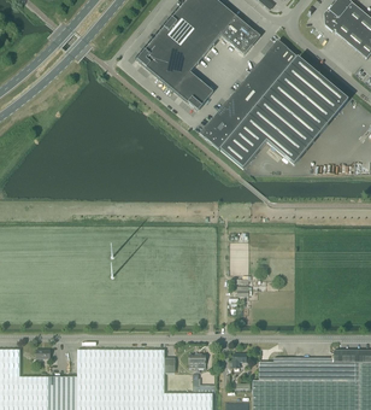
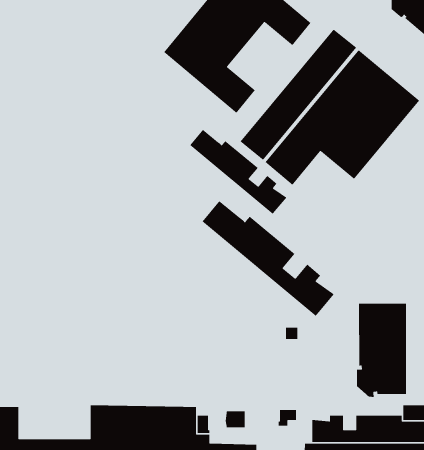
building: none -> [189,129,287,215]
building: none -> [201,200,335,317]
building: none -> [356,303,407,398]

